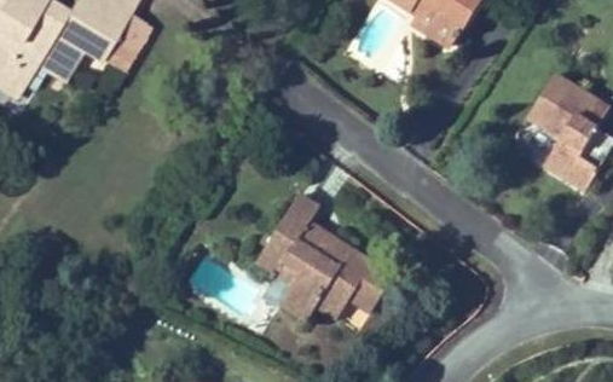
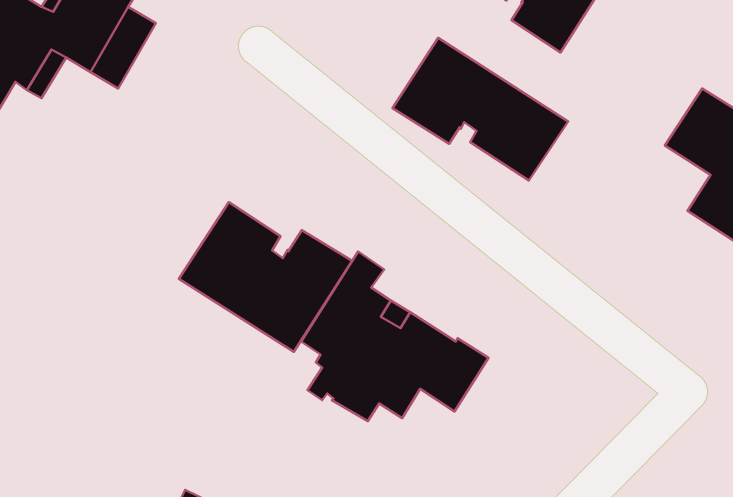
building: none -> [392,38,568,181]
building: none -> [179,202,352,352]

